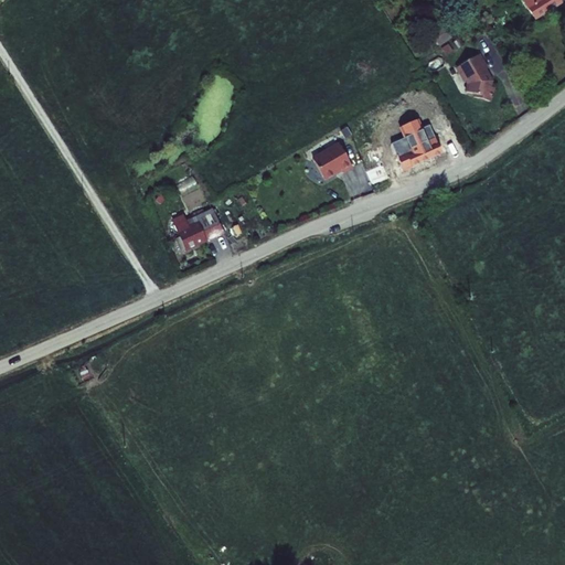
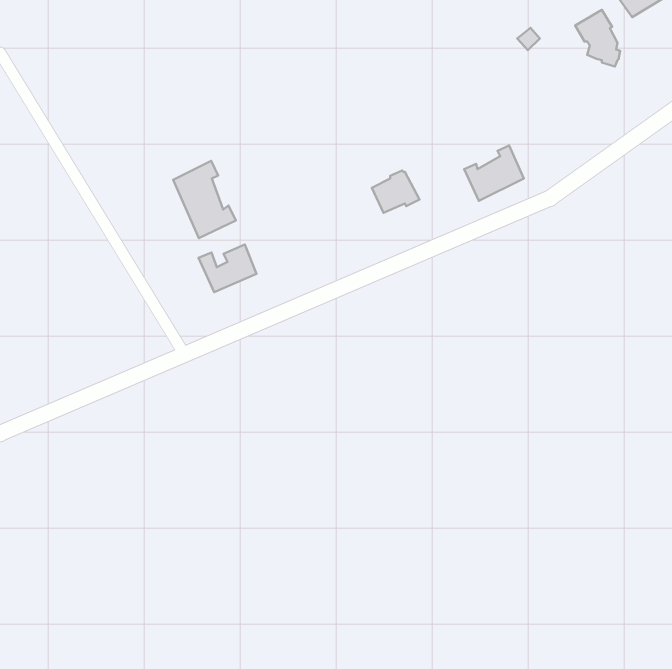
building: [461,61,499,108] -> [575,10,620,67]
building: none -> [173,161,236,238]

